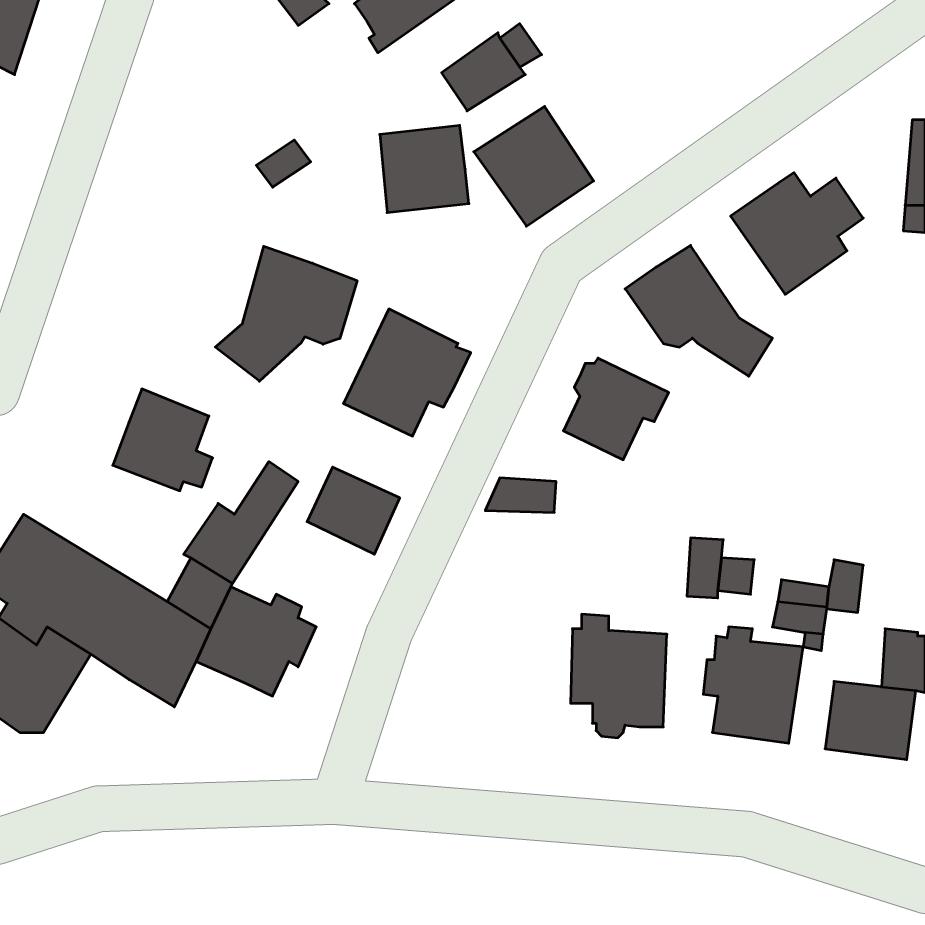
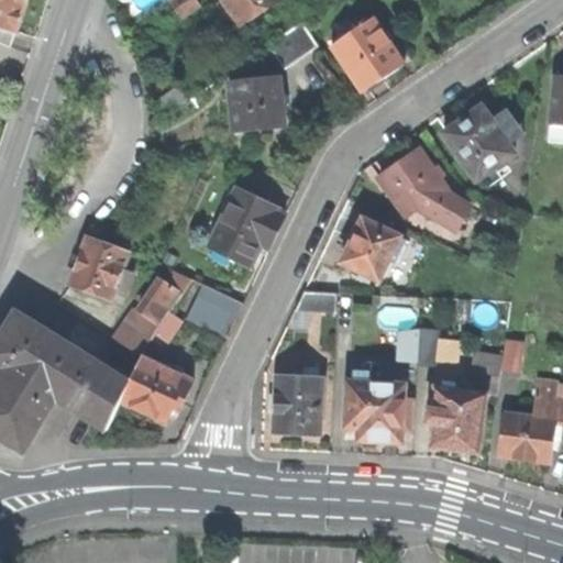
building: [474,106,594,226] -> [330,18,402,90]
building: [215,246,357,381] -> none
building: none -> [272,374,321,433]

